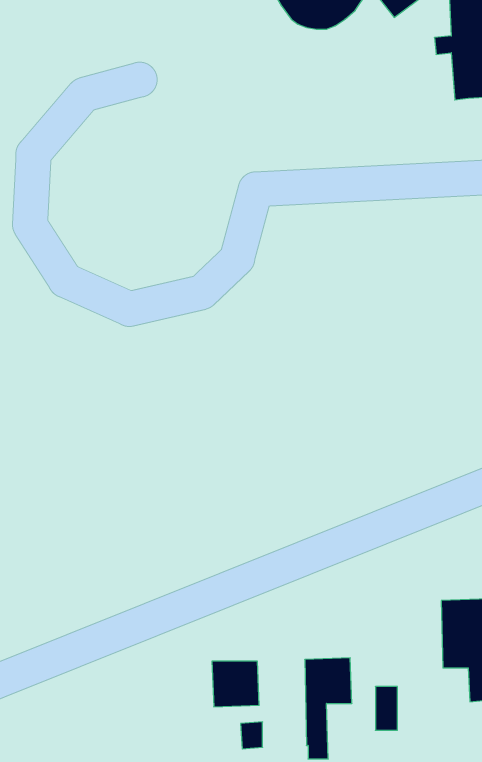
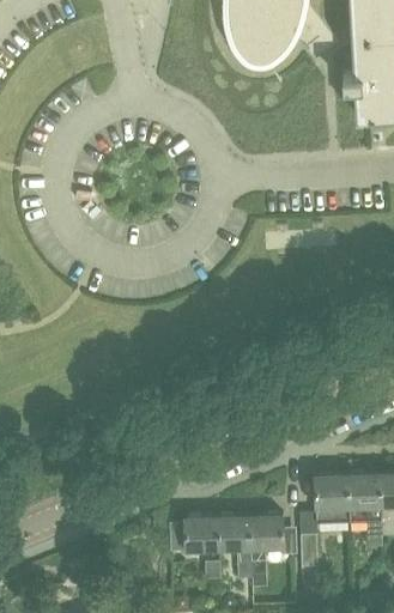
building: none -> [314,474,347,524]
building: none -> [216,516,250,578]

